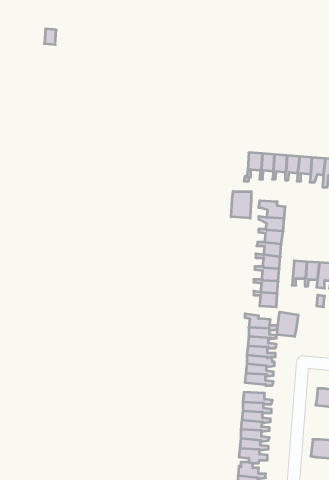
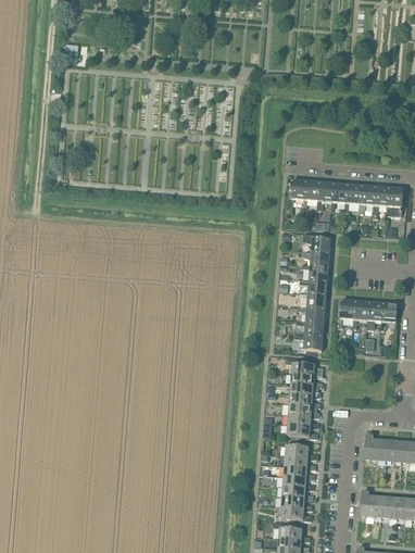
building: [231,191,251,218] -> none
building: [277,312,298,337] -> none

